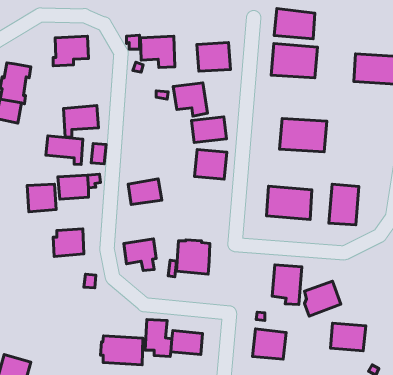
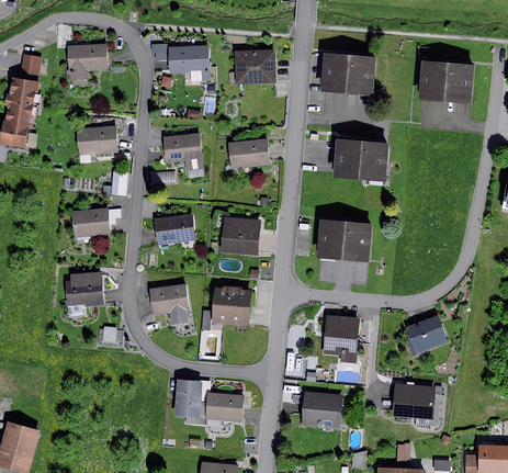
building: [274,9,315,39] -> none
building: none -> [20,54,43,80]
building: [173,83,208,116] -> [163,133,204,172]
building: [46,136,83,164] -> none
building: [194,149,227,179] -> [221,217,259,252]
building: [27,184,56,212] -> none
building: [329,184,359,225] -> none
building: [305,281,341,316] -> [407,314,450,356]
building: [101,336,143,365] -> none

